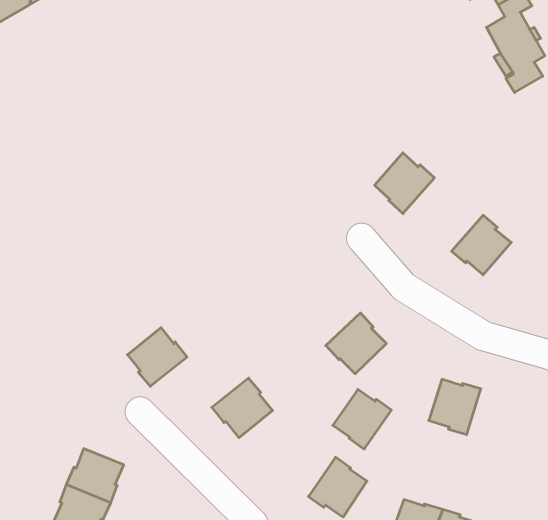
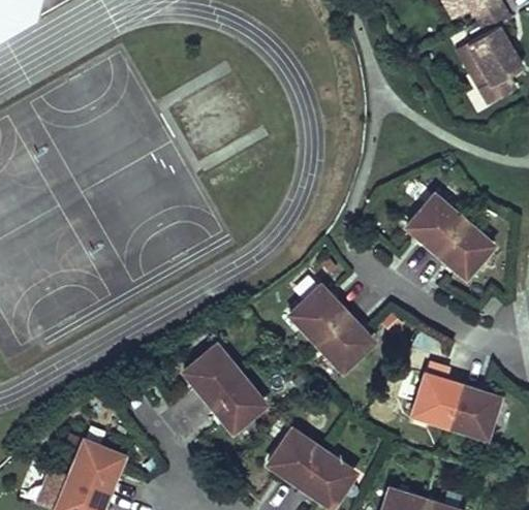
building: [375,153,434,214] -> [407,195,464,253]
building: none -> [289,286,347,343]
building: [127,328,187,386] -> [184,346,241,402]
building: none -> [448,384,497,437]
building: [333,389,391,449] -> [268,429,323,486]

